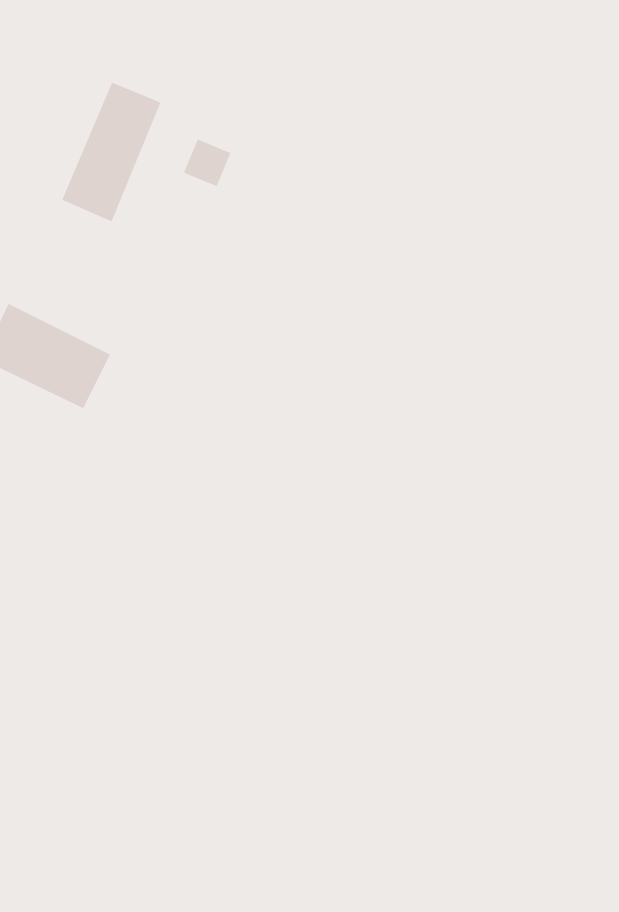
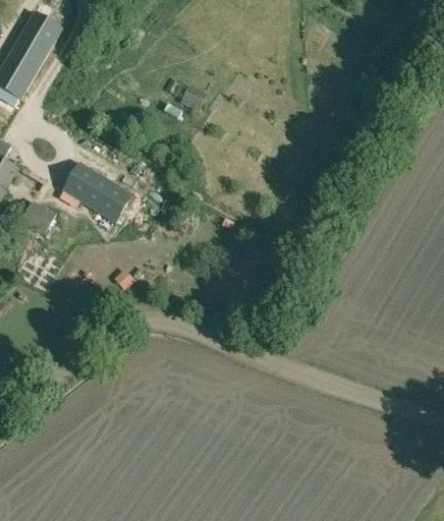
building: [62,82,161,222] -> none

